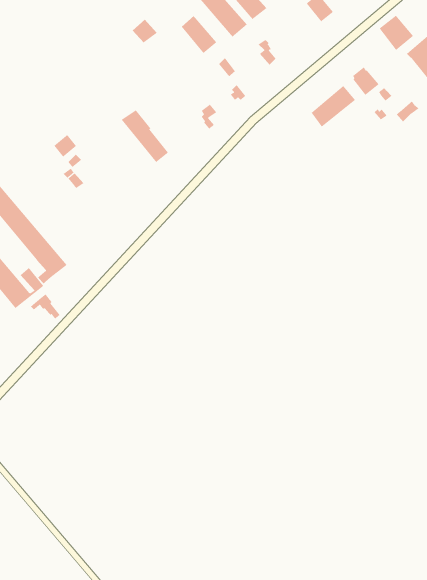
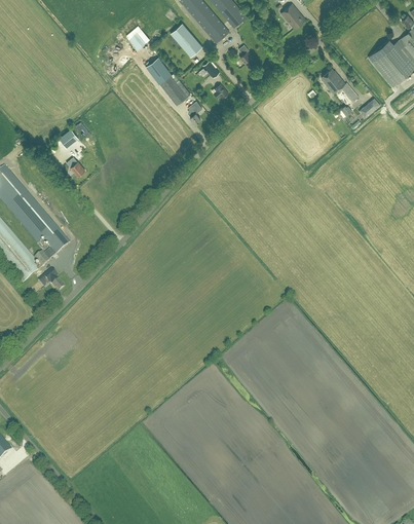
building: [379,15,414,51] -> none
building: [311,85,356,127] -> none
building: [121,109,169,163] -> [145,58,187,105]

